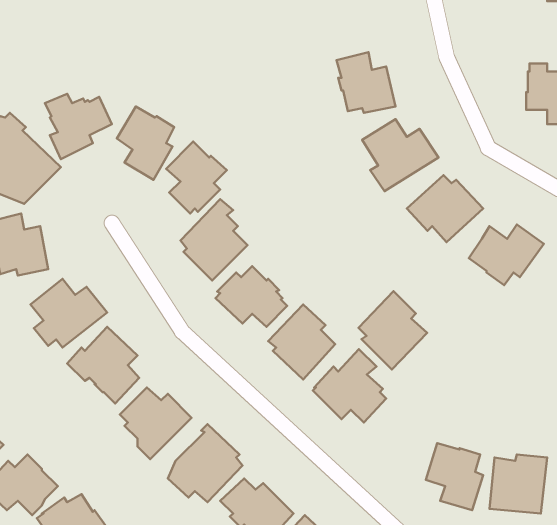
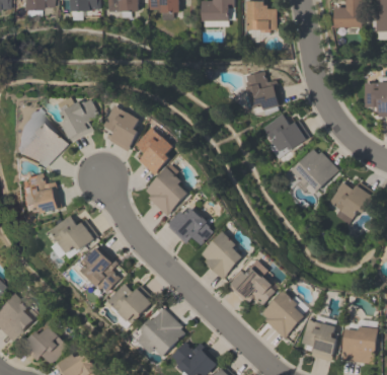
building: [358,291,427,369] -> [262,289,306,339]

